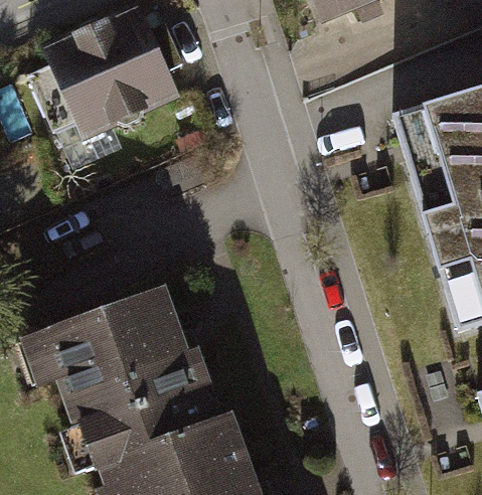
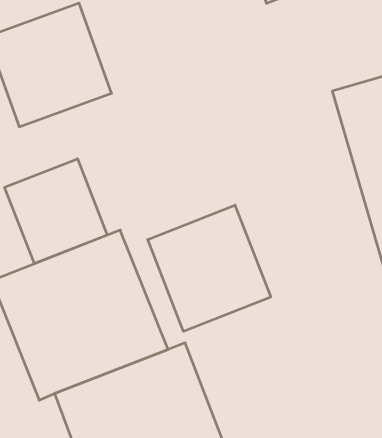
building: none -> [5,159,107,264]
building: none -> [148,205,271,331]

